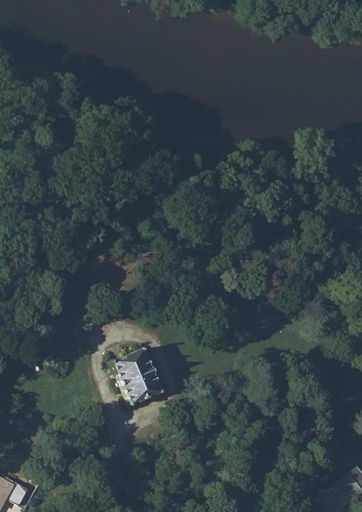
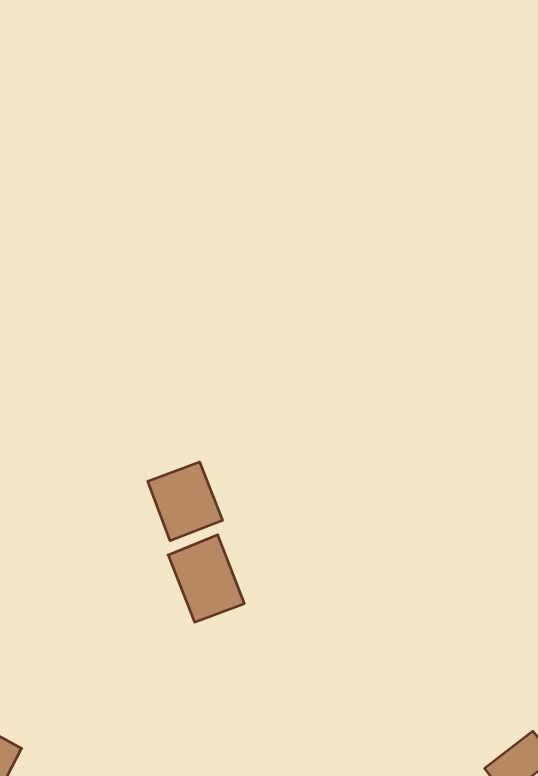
building: none -> [148,462,222,541]

